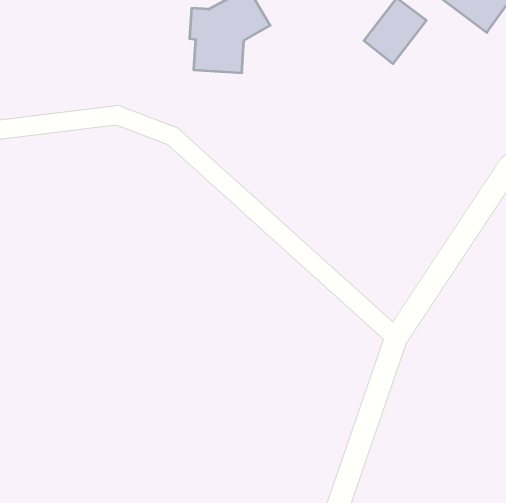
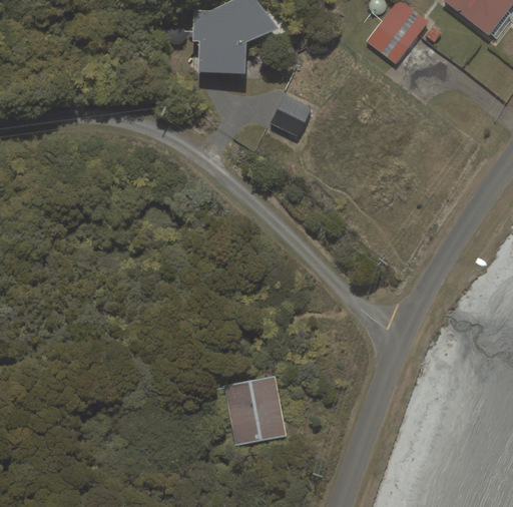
building: none -> [271,94,312,135]
building: none -> [224,376,286,445]

